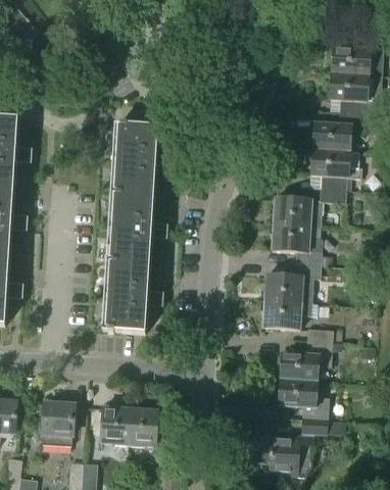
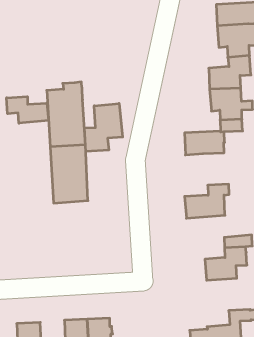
building: none -> [7,97,49,123]
building: none -> [85,103,123,152]
building: [272,224,331,266] -> none
building: [102,262,148,333] -> none
building: [262,300,316,328] -> none
building: [278,378,329,420] -> none

